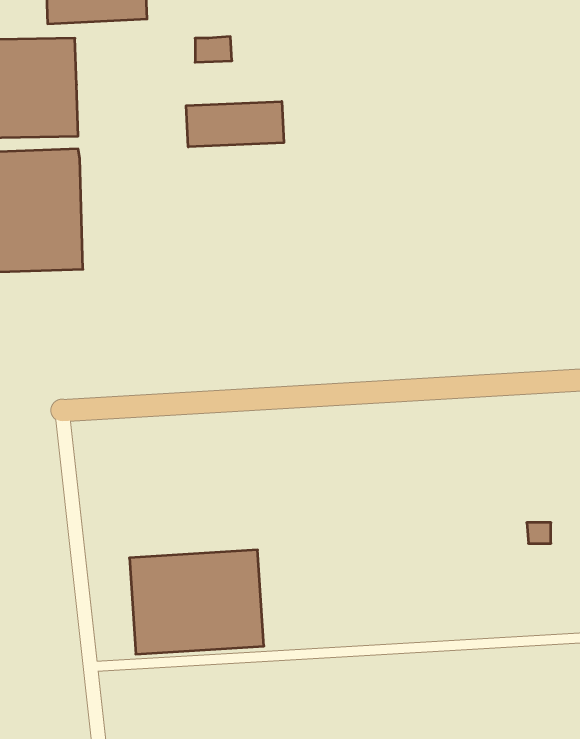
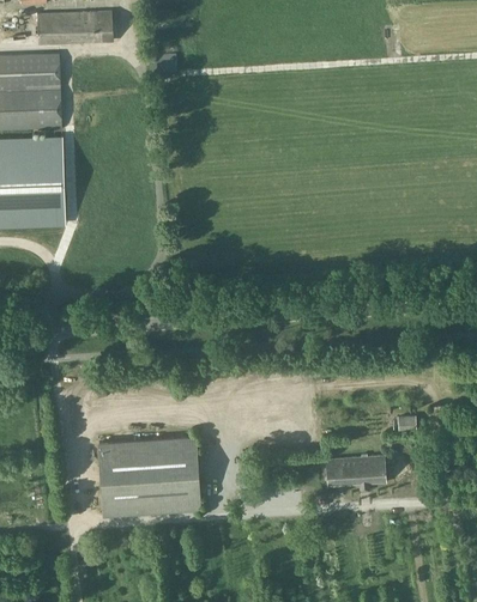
building: [186,101,284,147] -> none
building: none -> [326,455,386,491]

